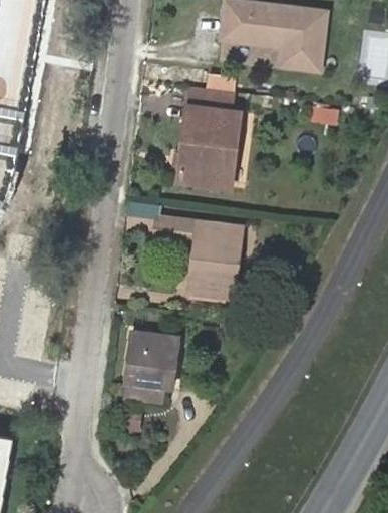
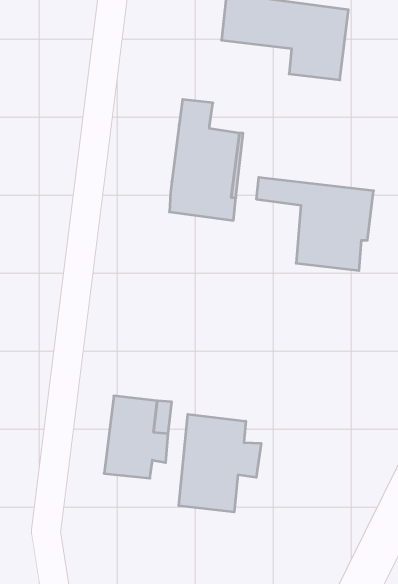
building: [153,218,251,296] -> [256,177,374,271]
building: none -> [179,414,261,512]

